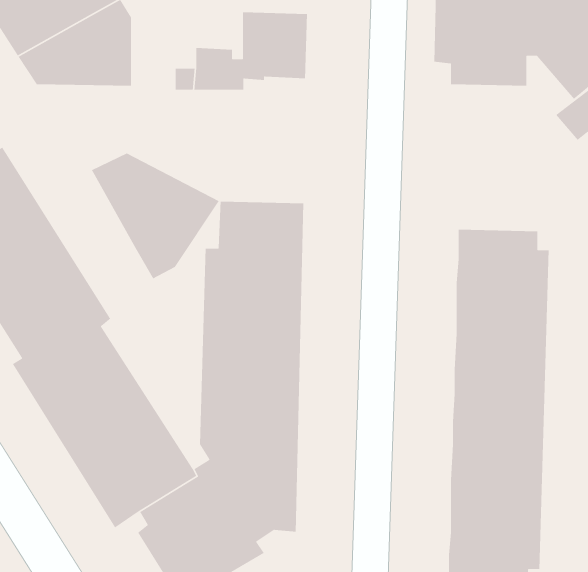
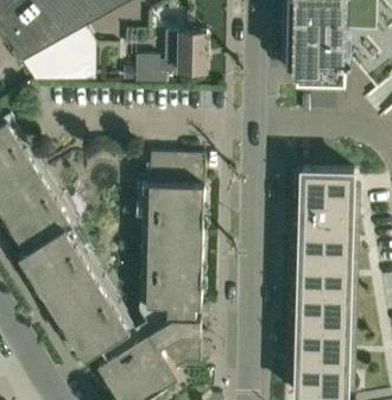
building: [91,153,220,280] -> none

